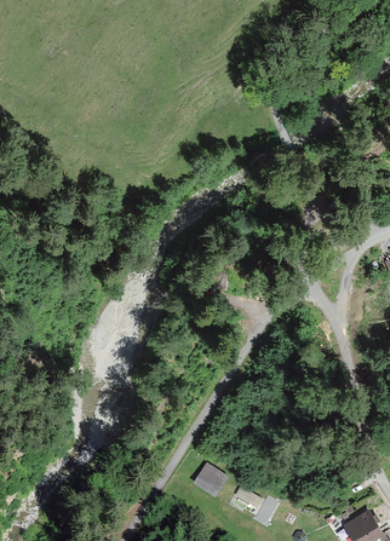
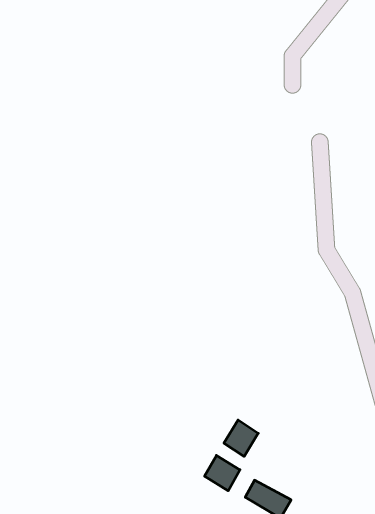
building: none -> [224,420,258,456]

